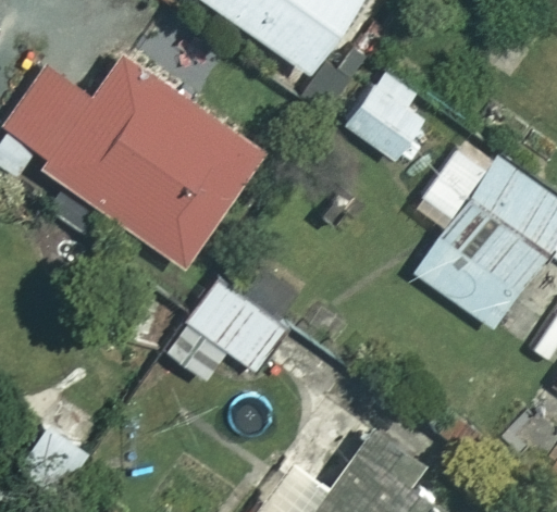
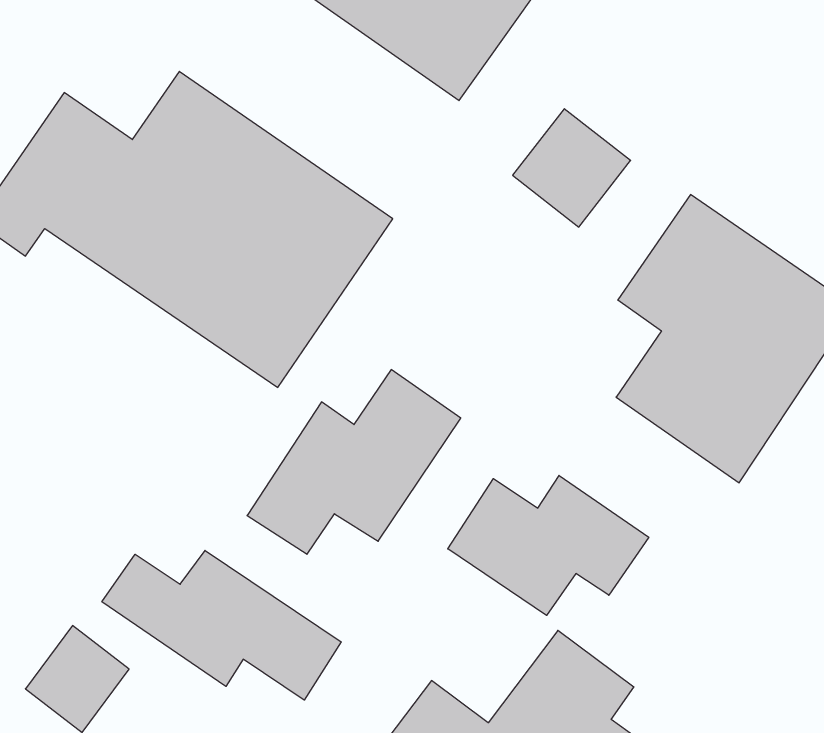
building: none -> [448,475,649,615]
building: none -> [102,550,341,700]

